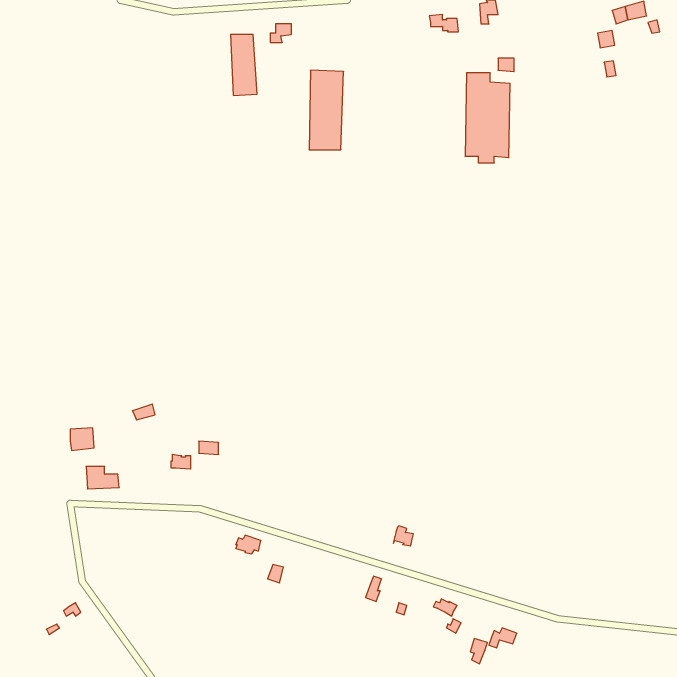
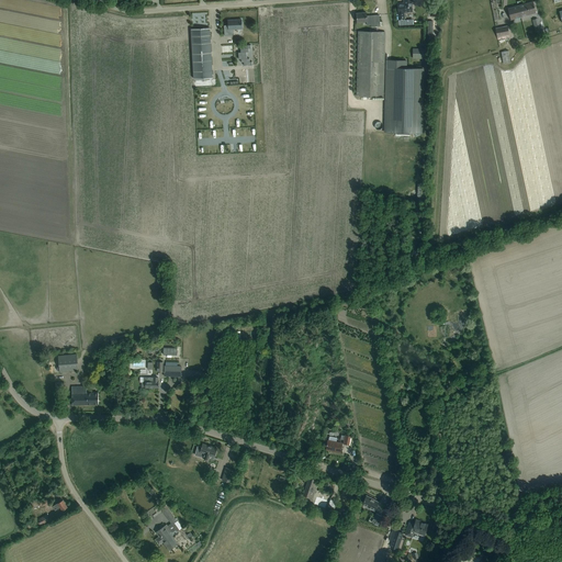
building: [309,70,344,150] -> [357,31,385,97]
building: none -> [156,505,182,550]

